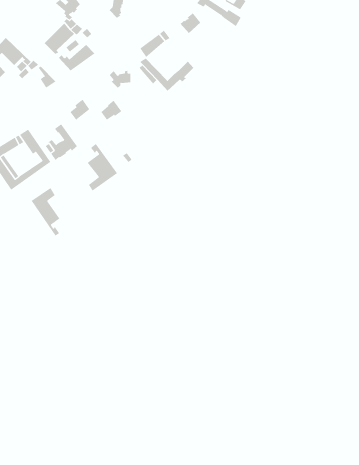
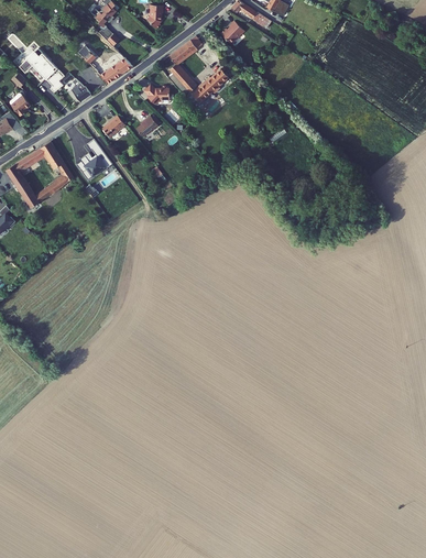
building: [87,143,118,192] -> none
building: [31,187,60,237] -> none

